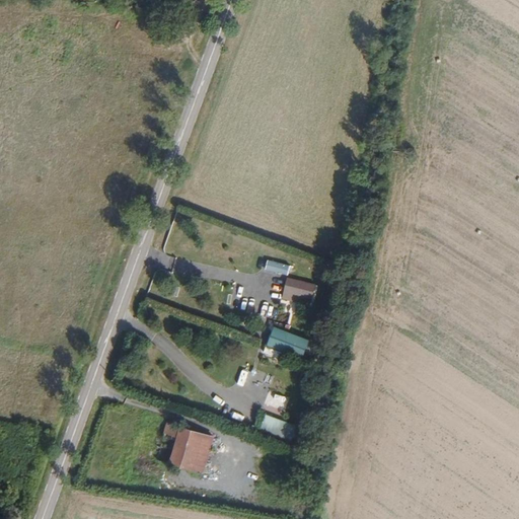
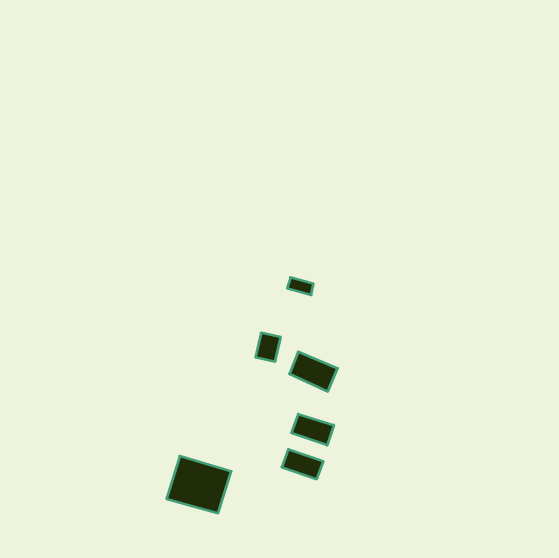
building: [281,277,304,303] -> [256,333,281,361]
building: none -> [292,414,334,445]

